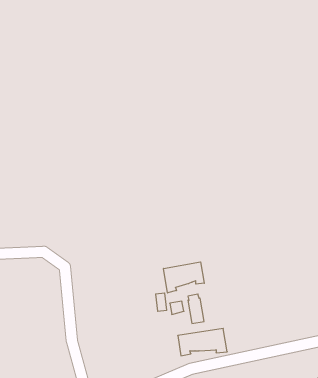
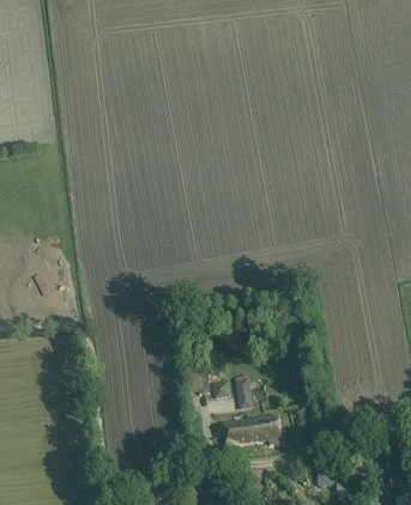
building: [164,262,204,293] -> none

